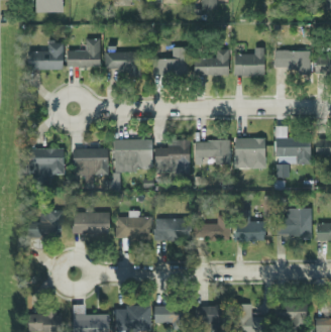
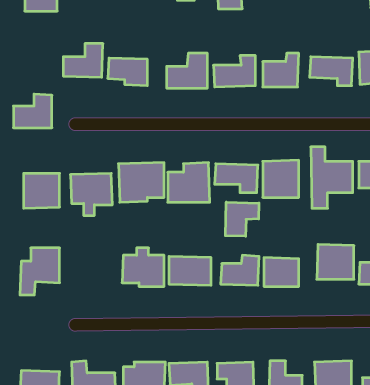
building: [29,40,62,69] -> [13,94,52,128]
building: none -> [225,202,259,236]
building: [74,211,109,234] -> none

